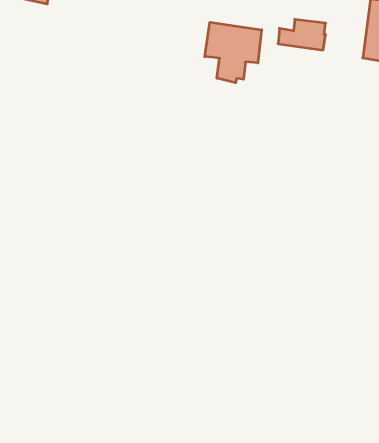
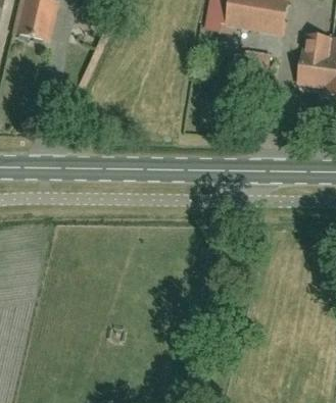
building: [205,22,262,83] -> none

